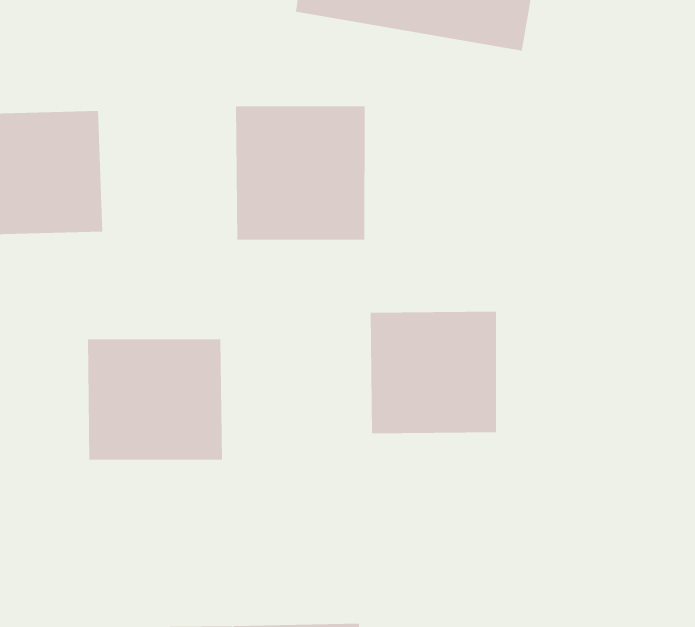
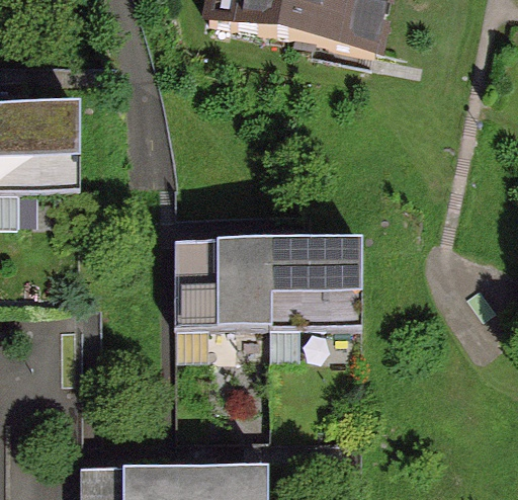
building: [235,106,365,240] -> none
building: [87,339,223,460] -> [174,241,271,328]

